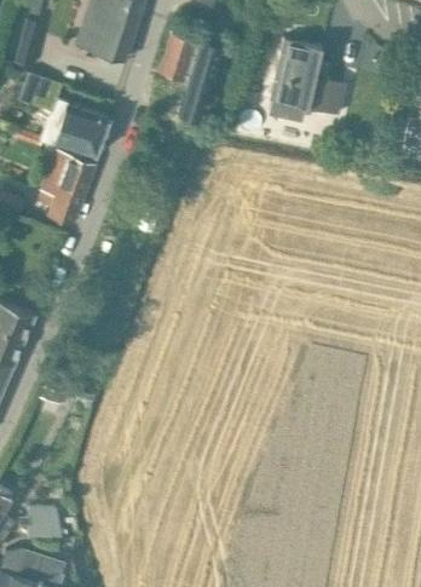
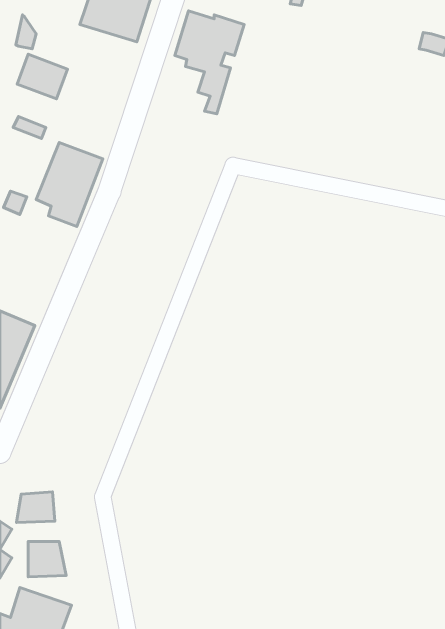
building: [269,38,346,122] -> none
building: [52,103,109,157] -> none
building: none -> [17,492,55,523]

